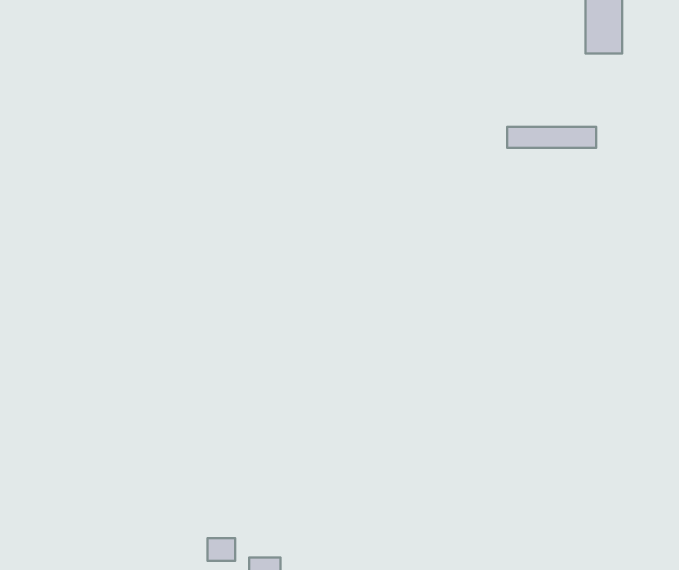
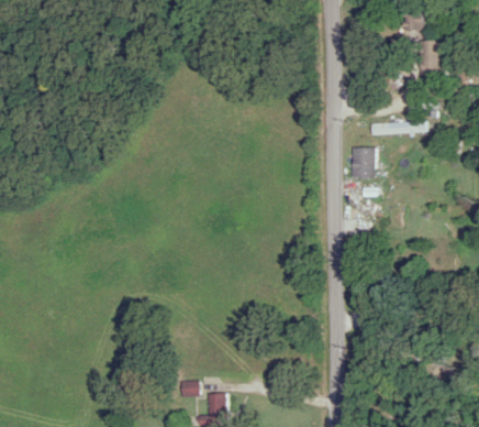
building: none -> [350,147,374,176]

